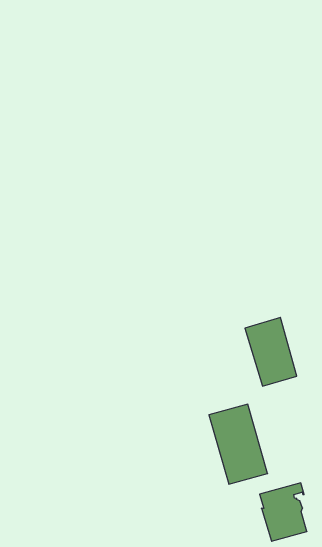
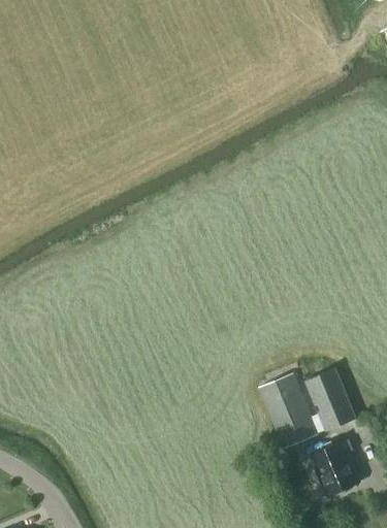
building: [245,317,297,386] -> [303,367,355,431]

